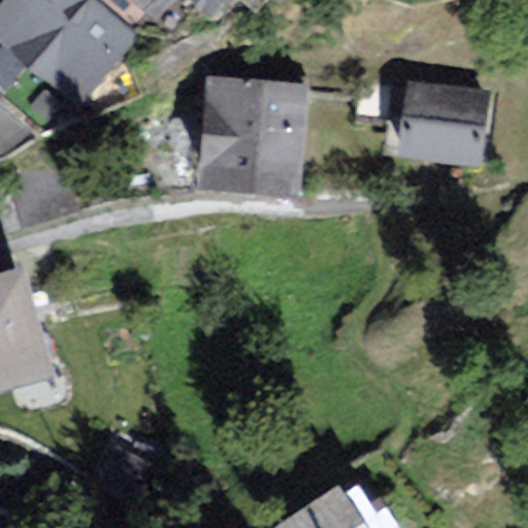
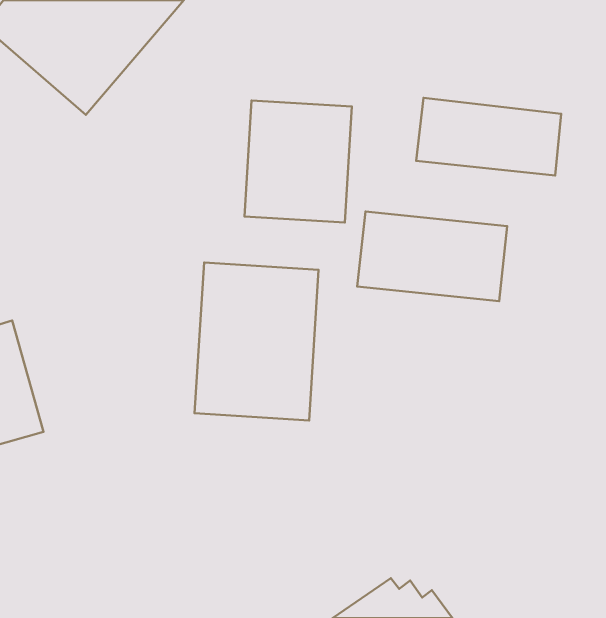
building: none -> [357,211,507,301]
building: none -> [195,263,319,421]

